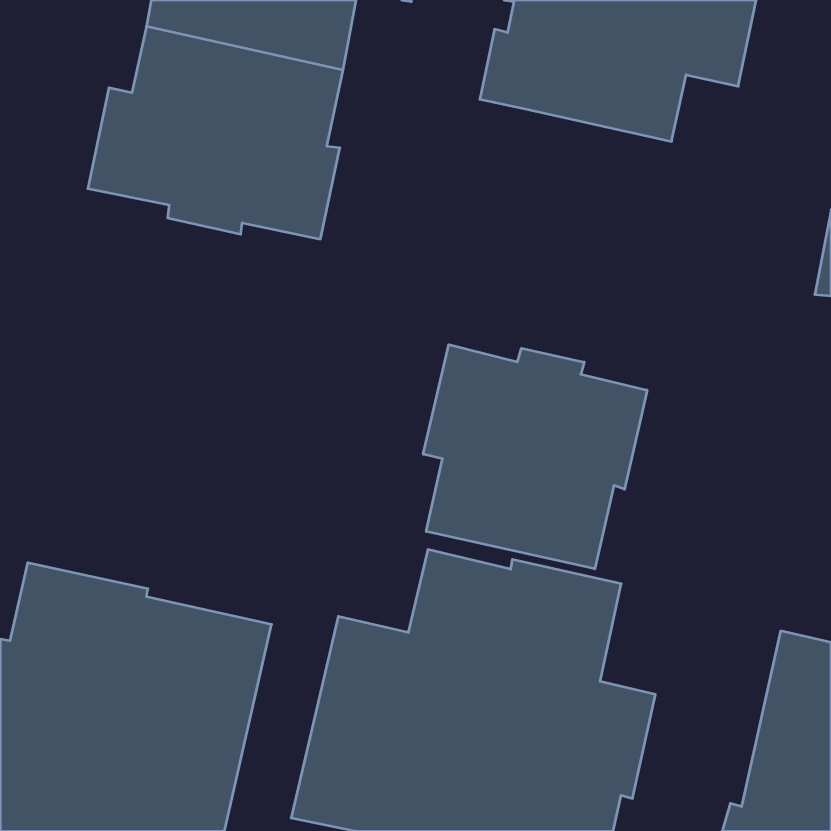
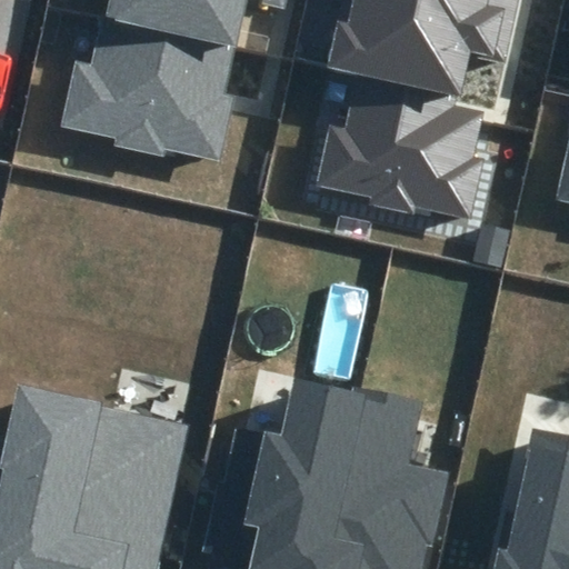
building: none -> [319,74,486,220]
building: [423,345,647,569] -> none

